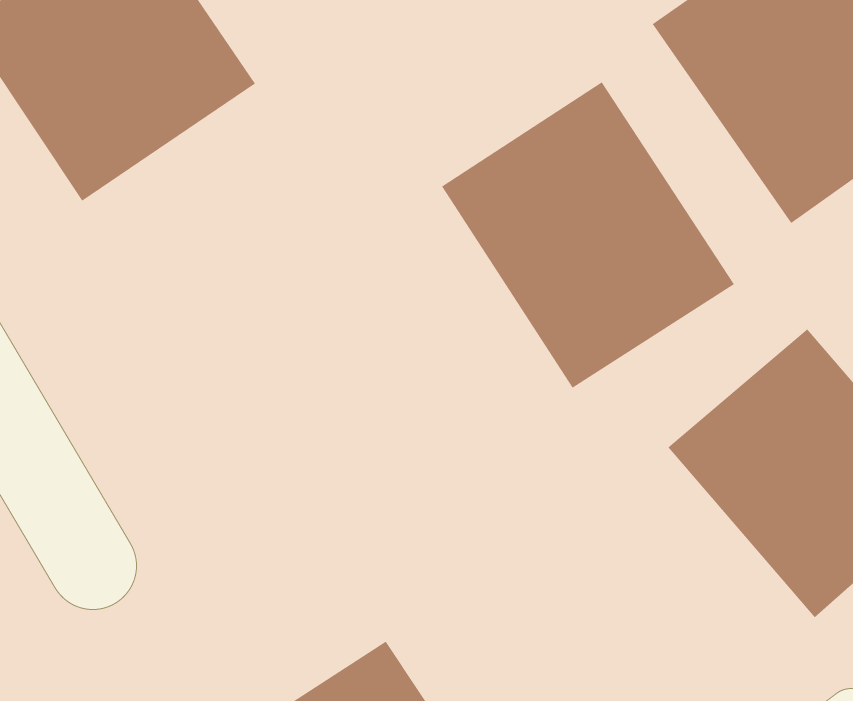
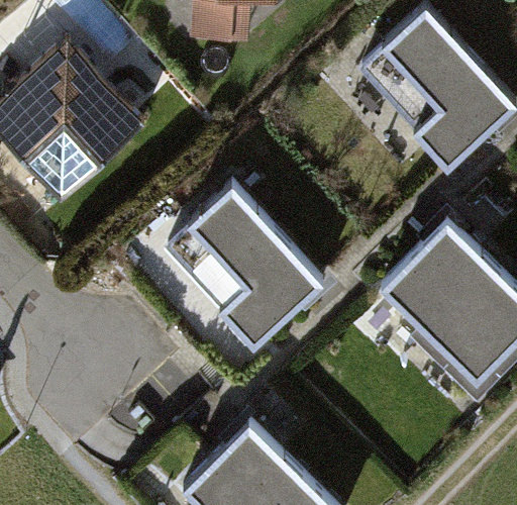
building: [441,81,735,389] -> [161,180,325,346]

